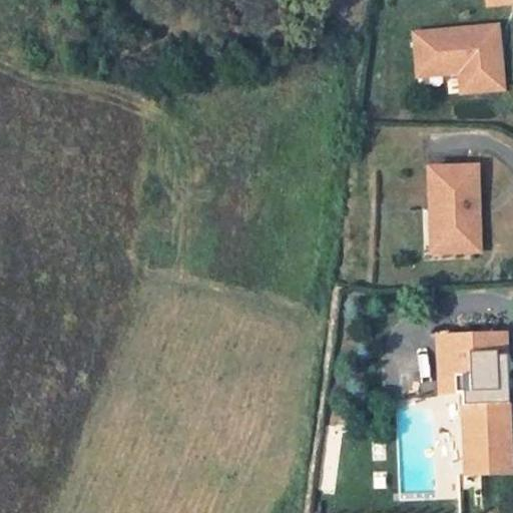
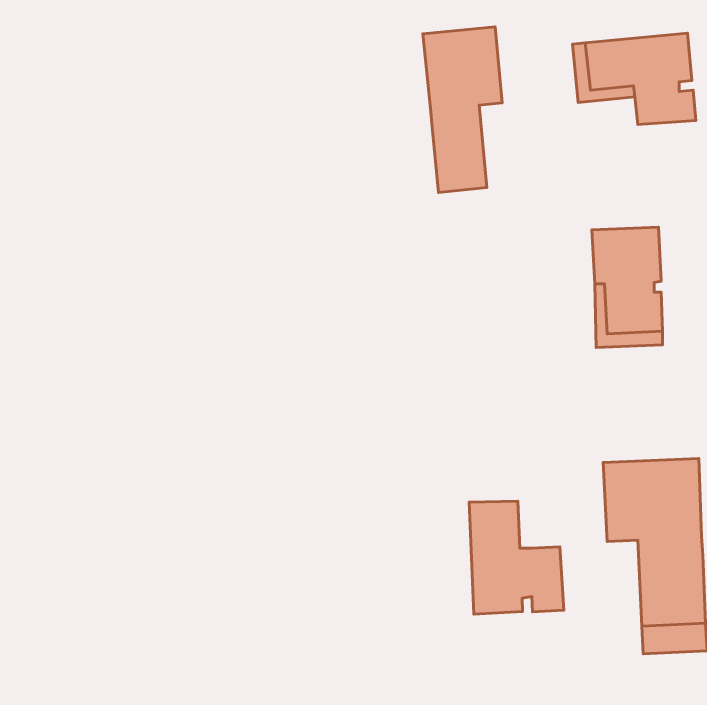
building: none -> [423,27,502,192]
building: none -> [469,501,564,614]

